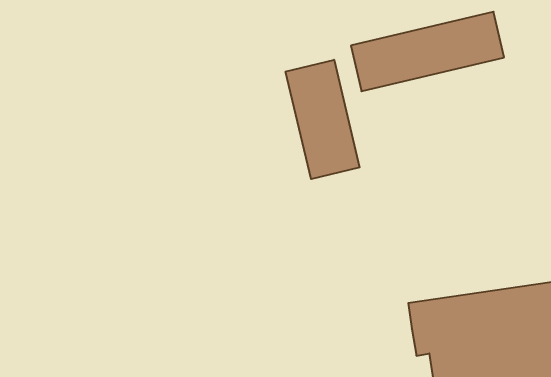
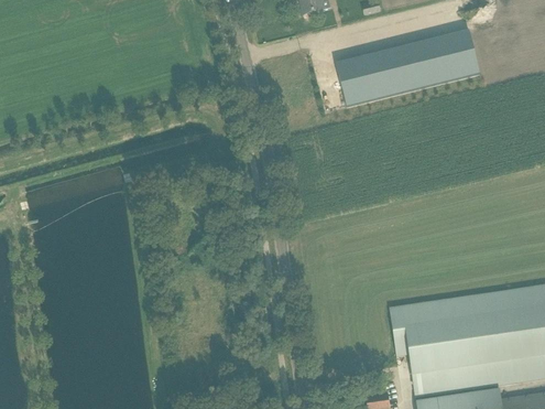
building: [286,60,360,179] -> none

